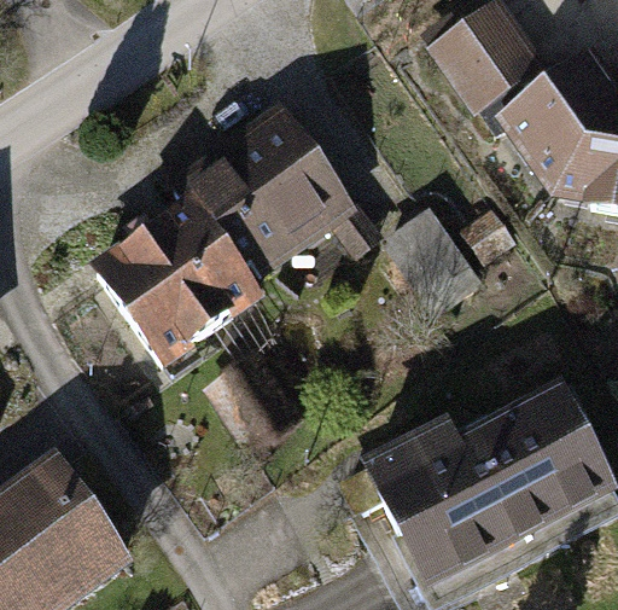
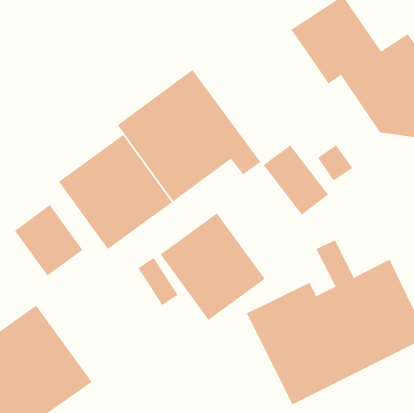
building: none -> [14,204,83,276]
building: none -> [160,213,266,321]

